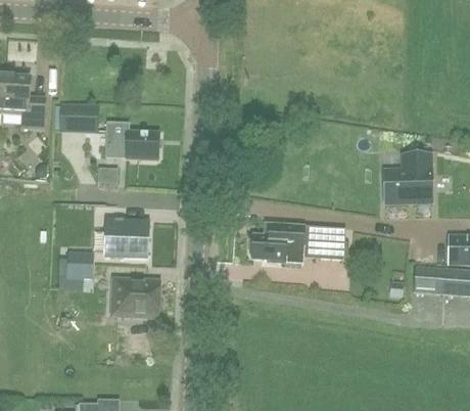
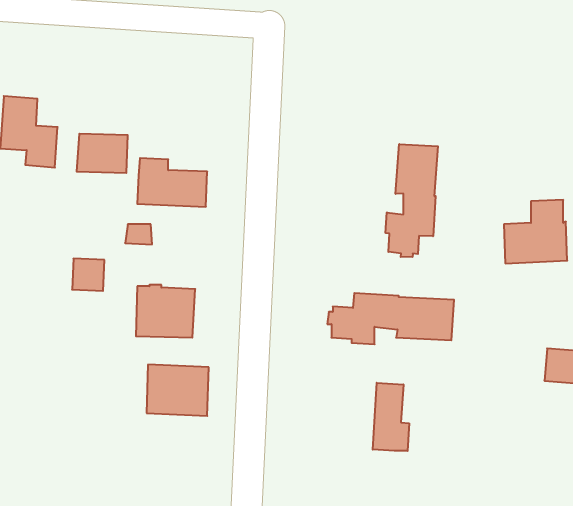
building: none -> [386,144,438,257]
building: [67,254,92,278] -> [72,259,104,291]
building: none -> [373,383,409,451]

